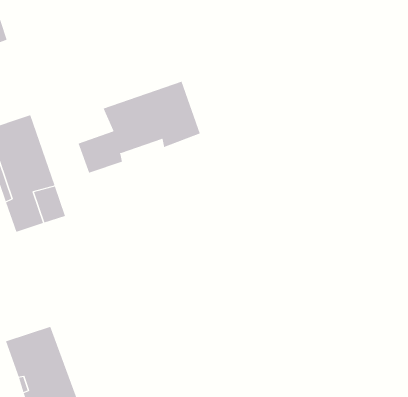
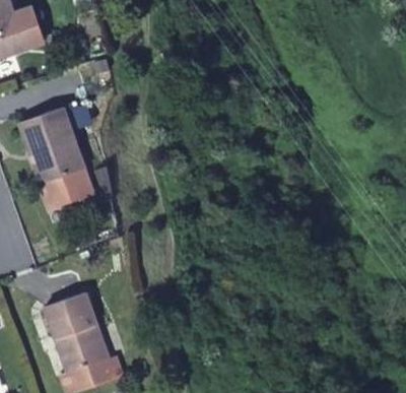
building: [78,81,201,174] -> none

